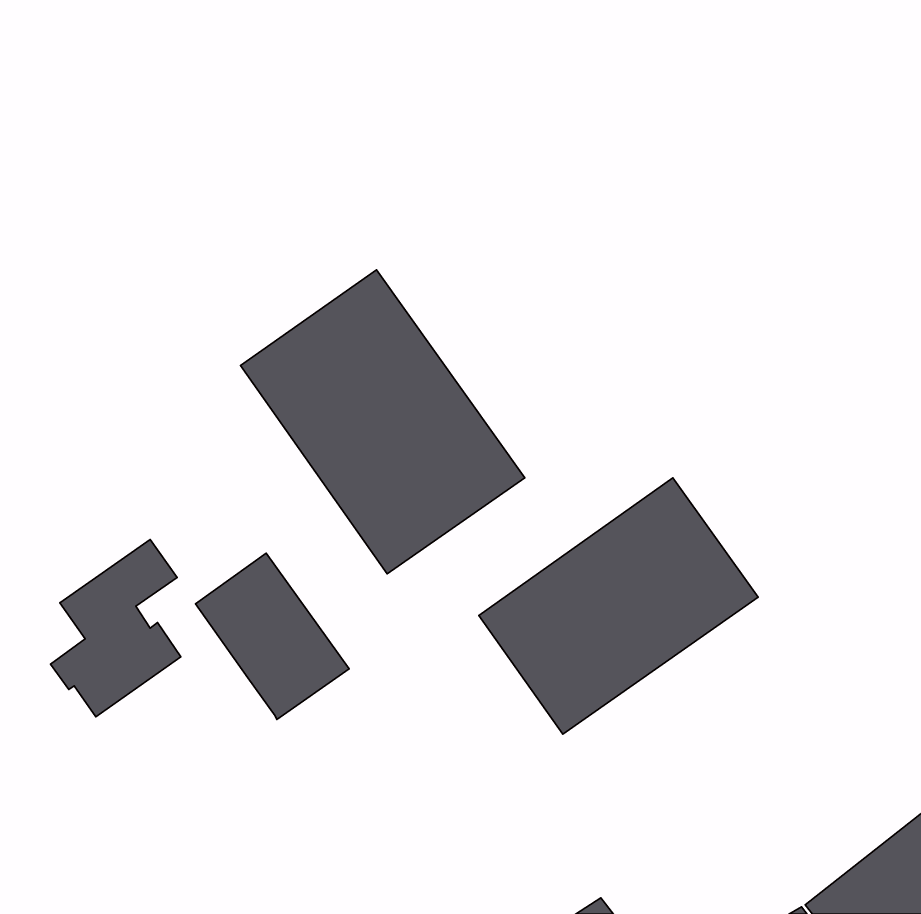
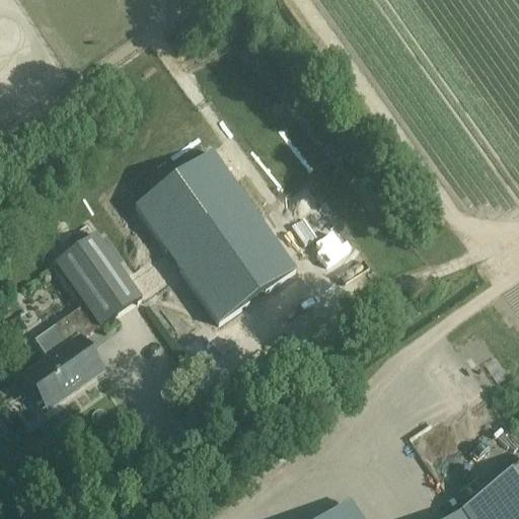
building: [479,478,758,734] -> none
building: [195,553,349,720] -> [57,232,143,325]

